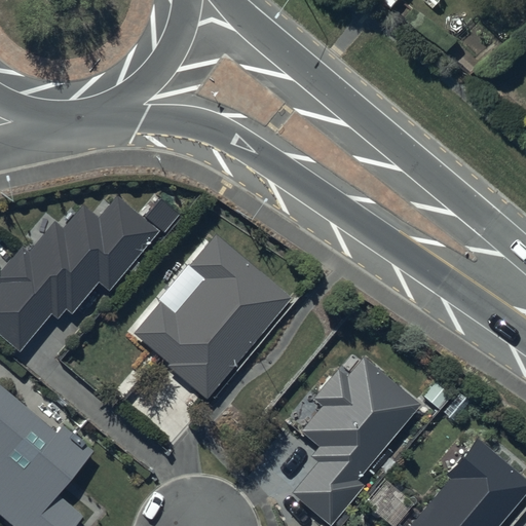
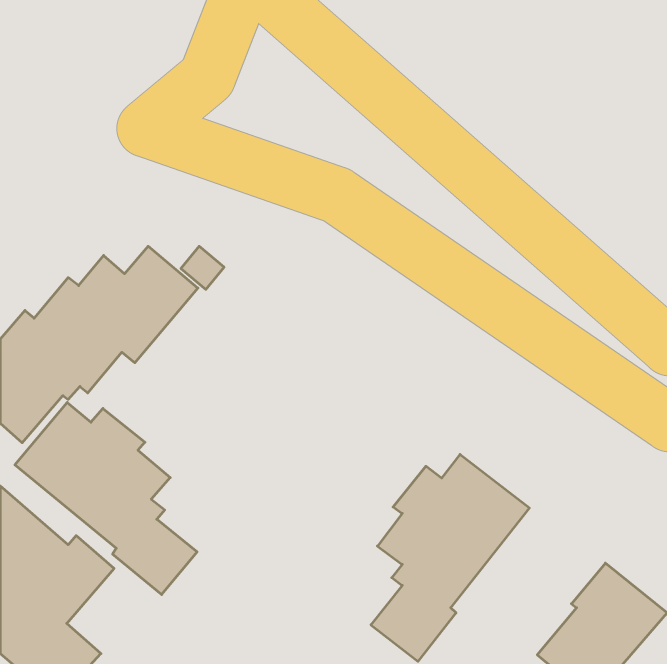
building: [134,235,290,398] -> none
building: none -> [15,402,197,595]

